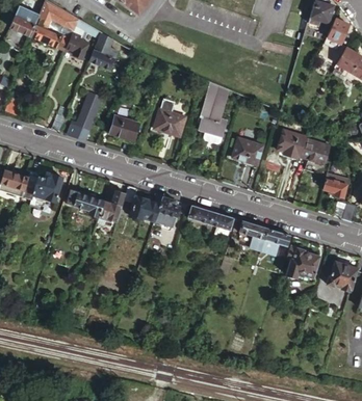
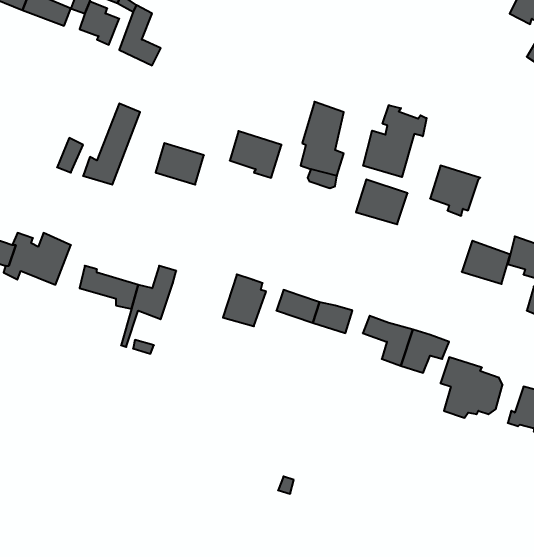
building: none -> [363,105,427,177]
building: [301,138,330,164] -> [462,241,510,284]
building: [123,186,161,221] -> none

